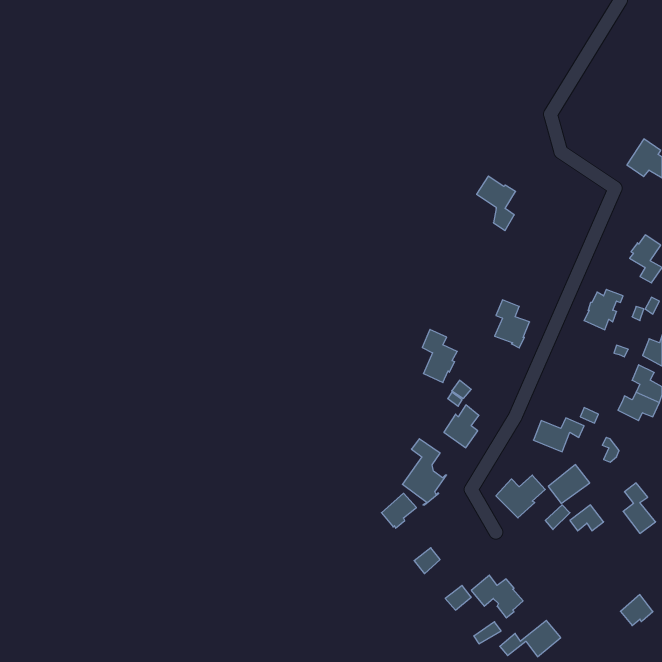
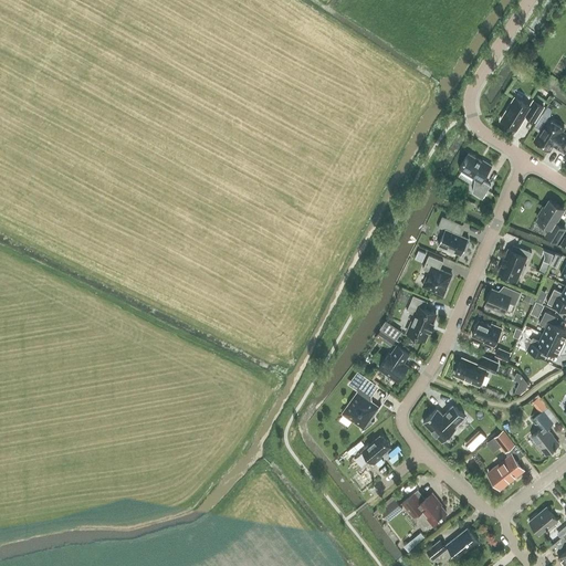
building: none -> [500,98,543,130]
building: [477,176,516,231] -> [458,154,491,200]
building: none -> [437,218,468,256]
building: [422,329,457,383] -> [406,296,436,342]
building: none -> [484,286,520,314]
building: none -> [471,322,501,348]
building: [548,465,590,504] -> [488,455,523,489]
building: [381,493,416,528] -> [360,436,390,465]

